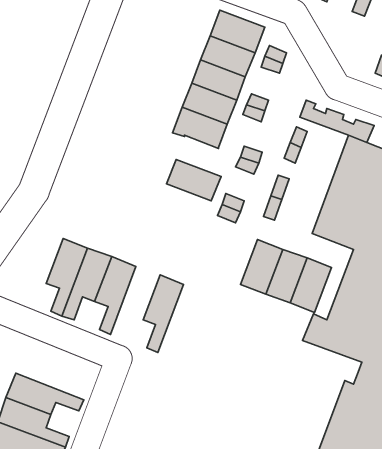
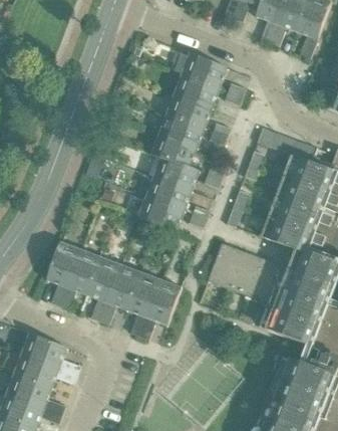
building: none -> [151,155,197,189]
building: none -> [136,195,181,230]
building: none -> [97,263,138,322]
building: none -> [136,278,179,338]
building: none -> [19,332,78,374]

